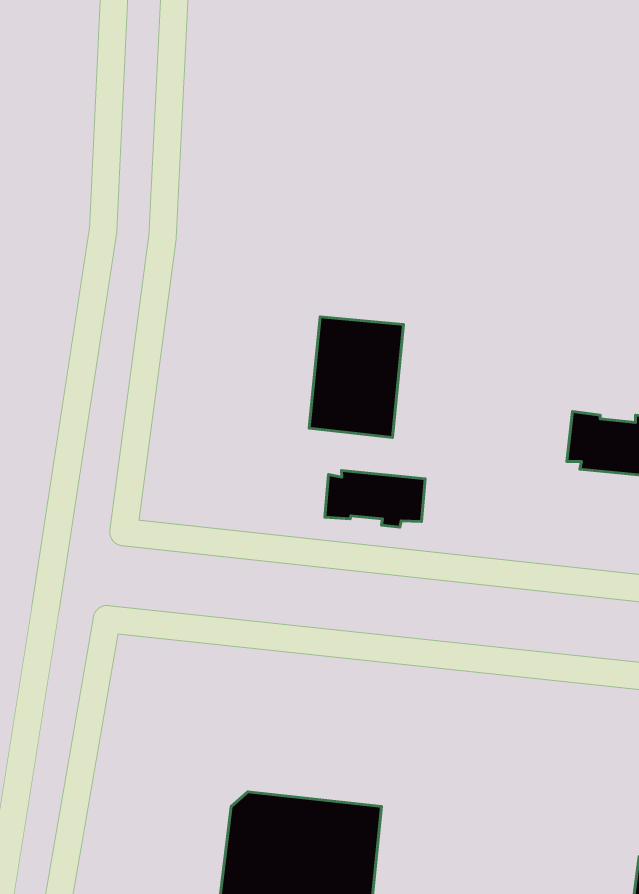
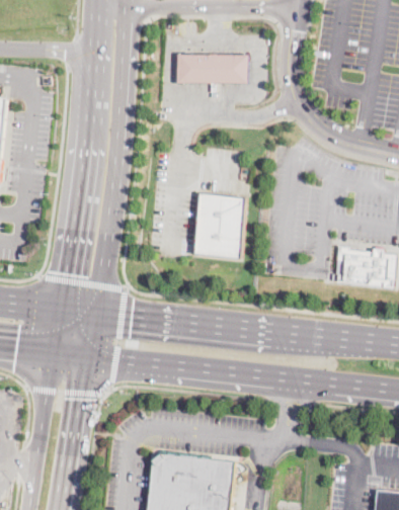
building: none -> [174,54,246,84]
building: [325,471,425,527] -> none

